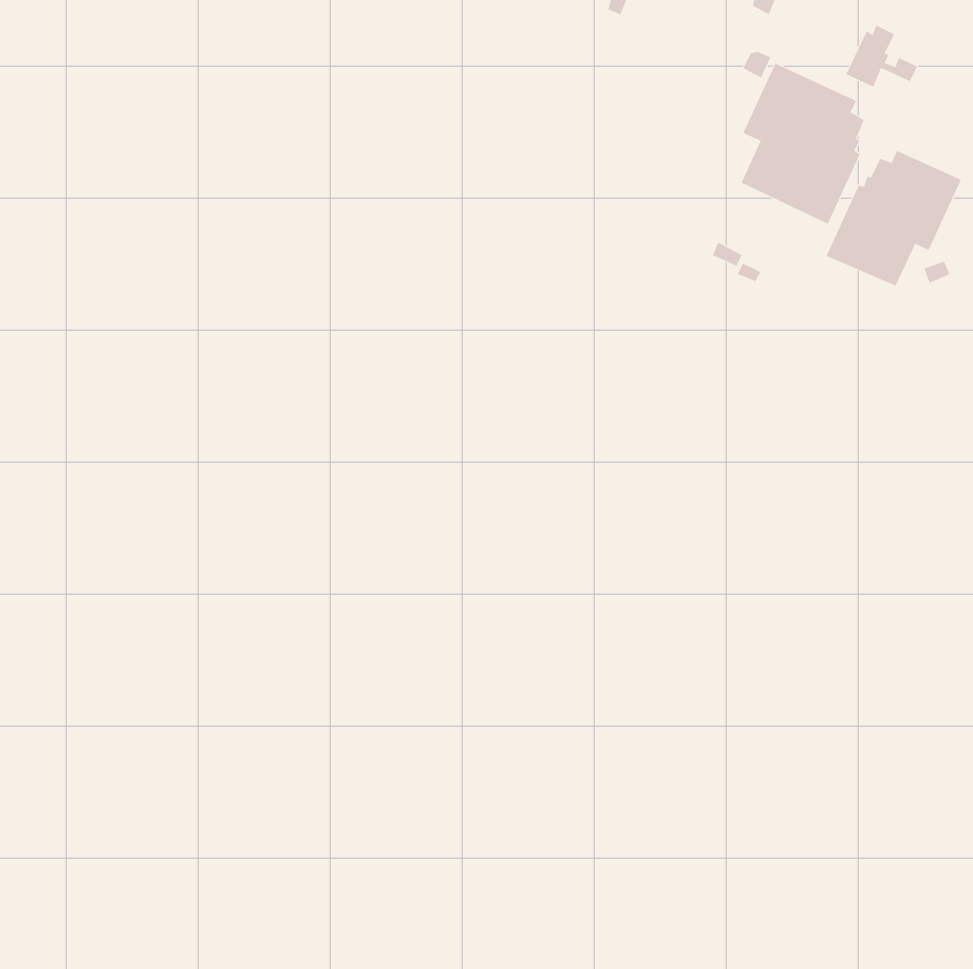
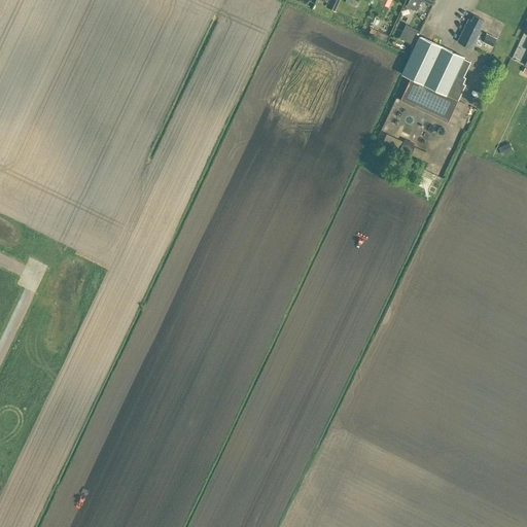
building: [826,150,962,287] -> none

